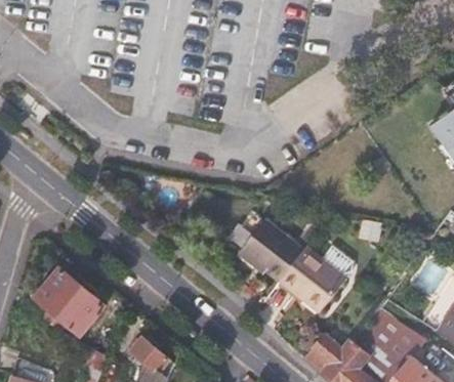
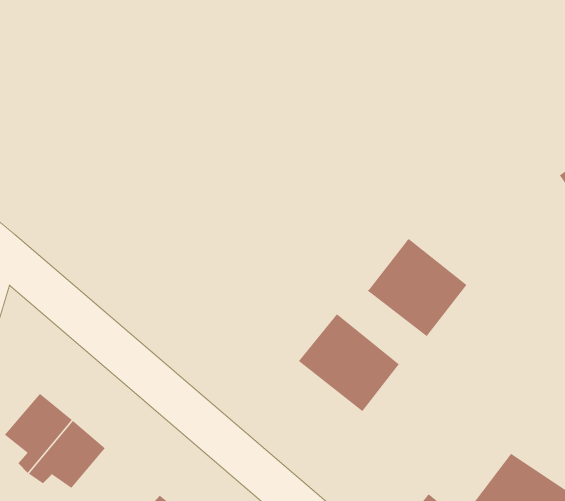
building: [279,247,347,314] -> [367,238,467,337]

